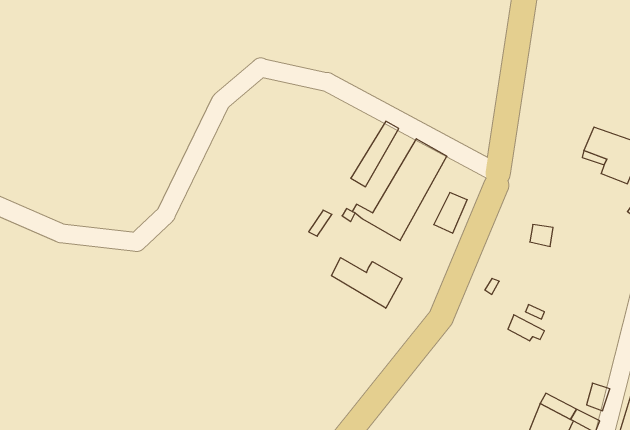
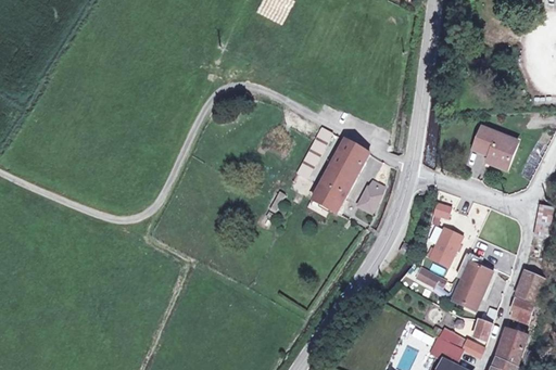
building: [332,258,402,308] -> none
building: none -> [431,227,460,264]
building: none -> [454,257,491,310]

